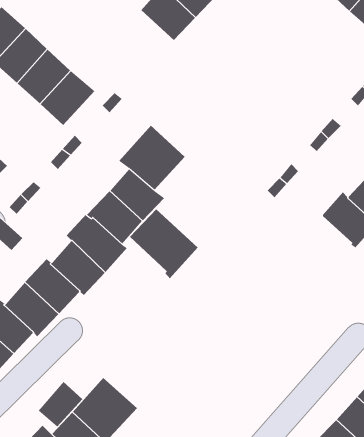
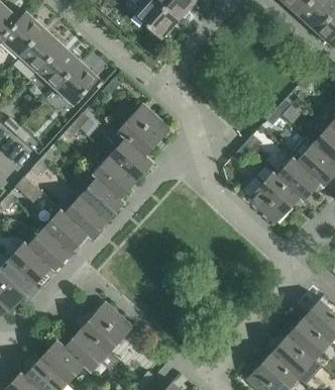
building: [129,209,198,279] -> none
building: none -> [248,172,300,224]
building: [38,381,83,428] -> none

